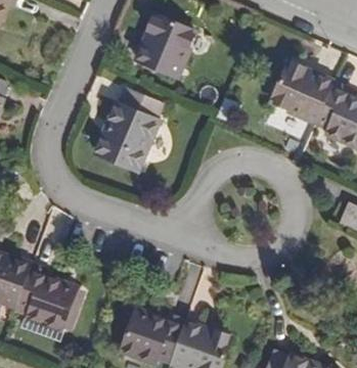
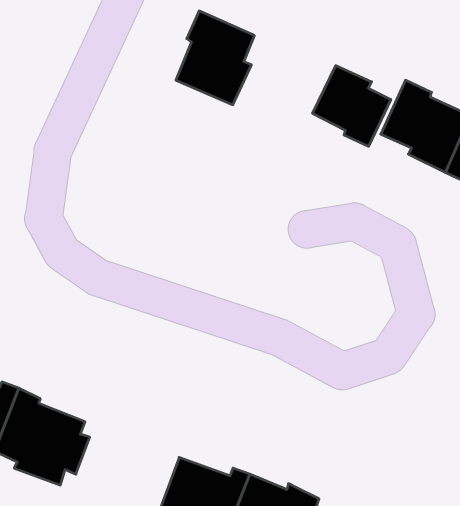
building: none -> [313,66,391,146]
building: [101,88,153,154] -> none

